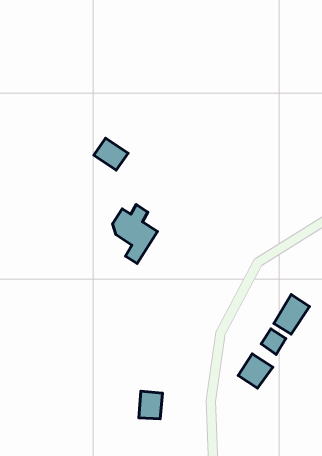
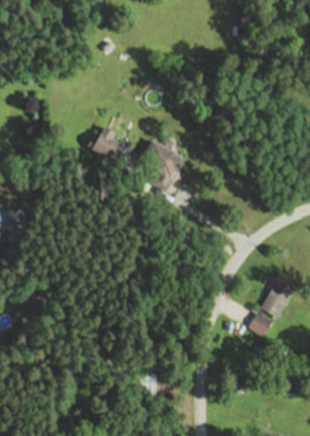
building: [113,205,158,264] -> [141,134,184,189]
building: [238,354,273,388] -> none

